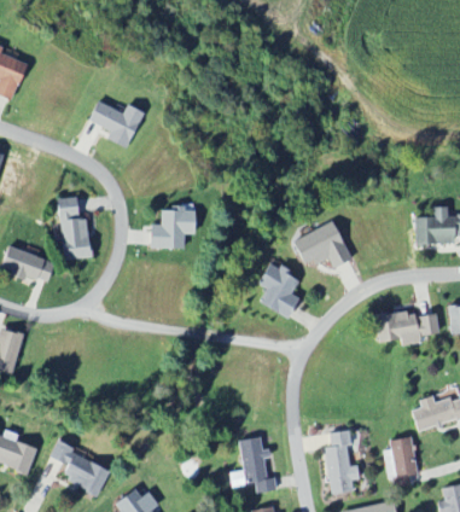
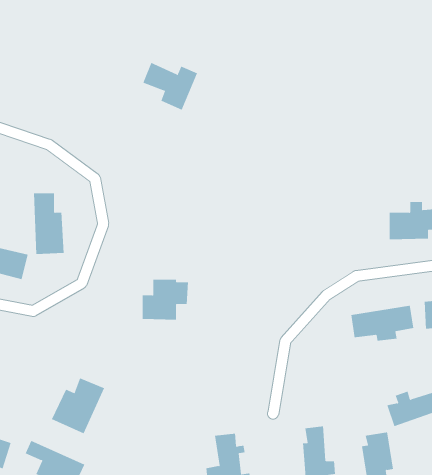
building: [88,100,144,149] -> [142,62,198,110]
building: [150,208,197,249] -> [142,279,189,320]
building: [292,221,350,267] -> none
building: [257,262,299,318] -> none
building: none -> [51,377,105,434]

